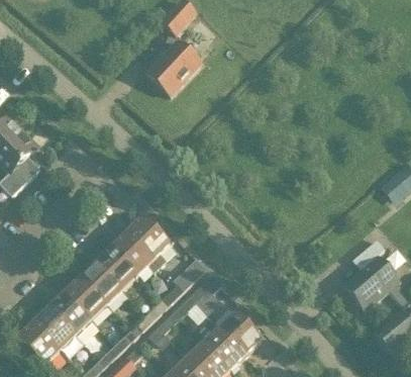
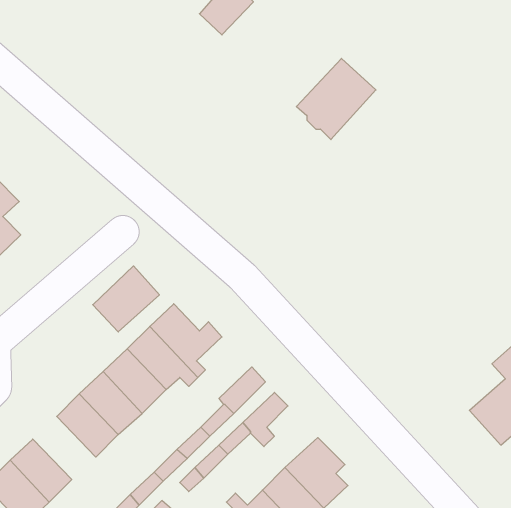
building: [146,40,200,95] -> [296,58,376,140]
building: none -> [93,266,159,332]
building: [48,291,91,334] -> none

